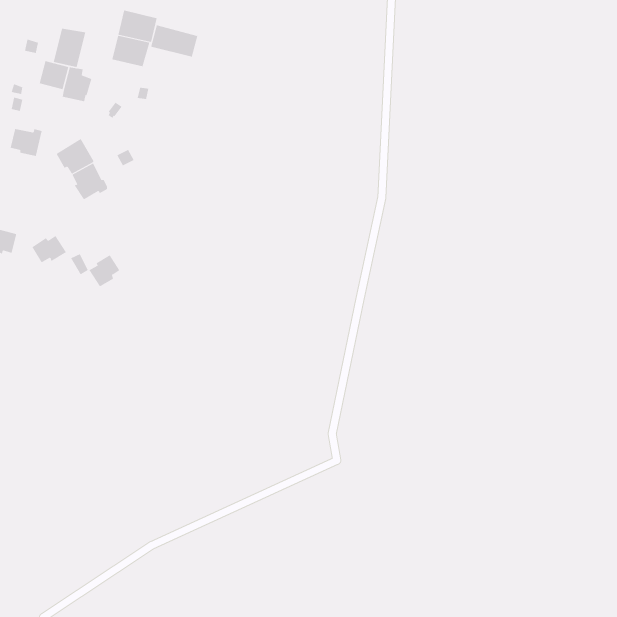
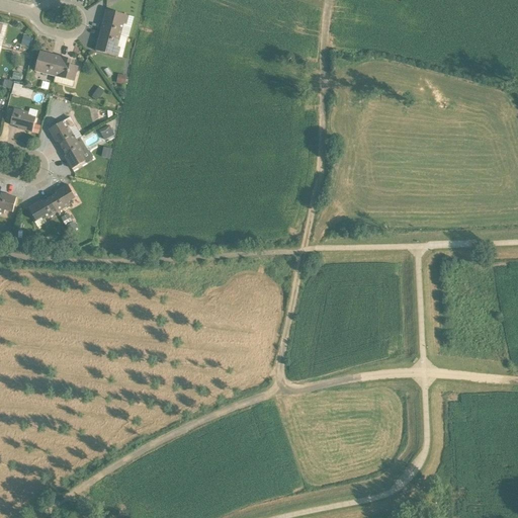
building: [151,25,198,58] -> none
building: [53,28,86,68] -> none
building: [88,255,120,287] -> [47,183,73,210]

